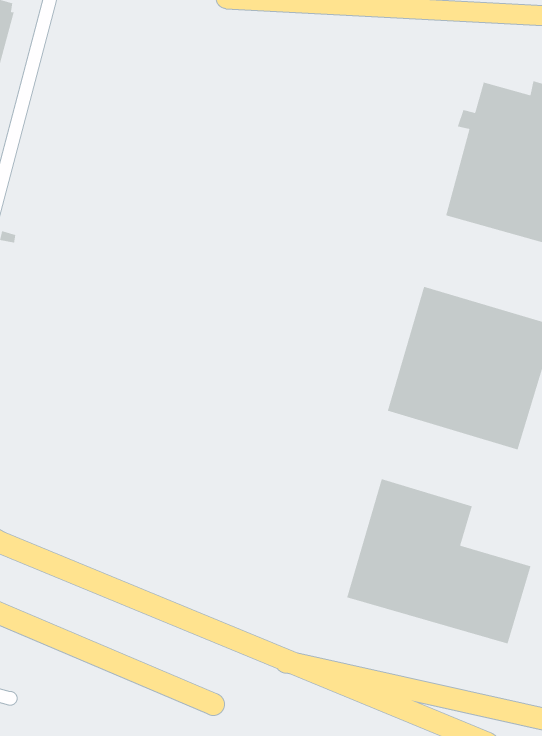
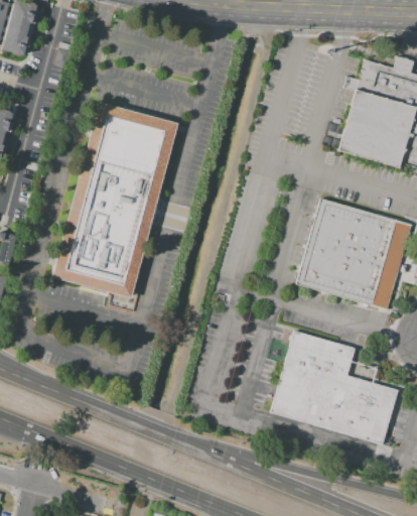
building: none -> [53,102,178,297]

